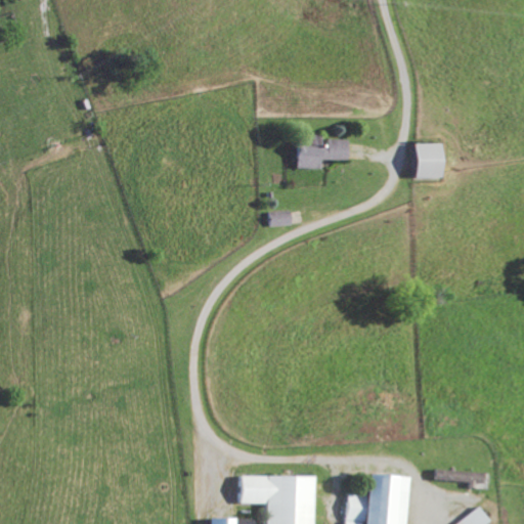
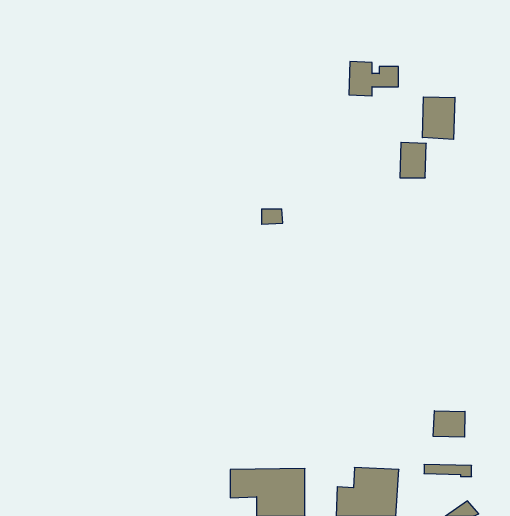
building: none -> [422,97,455,139]
building: [297,135,347,170] -> [349,62,398,96]
building: none -> [433,411,465,437]

